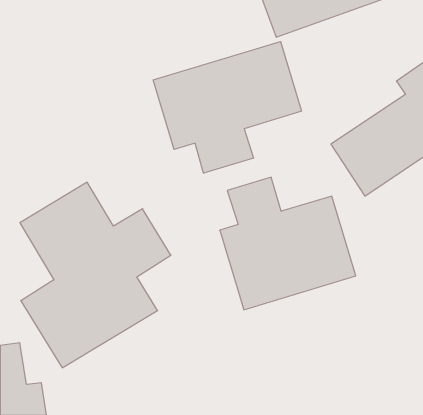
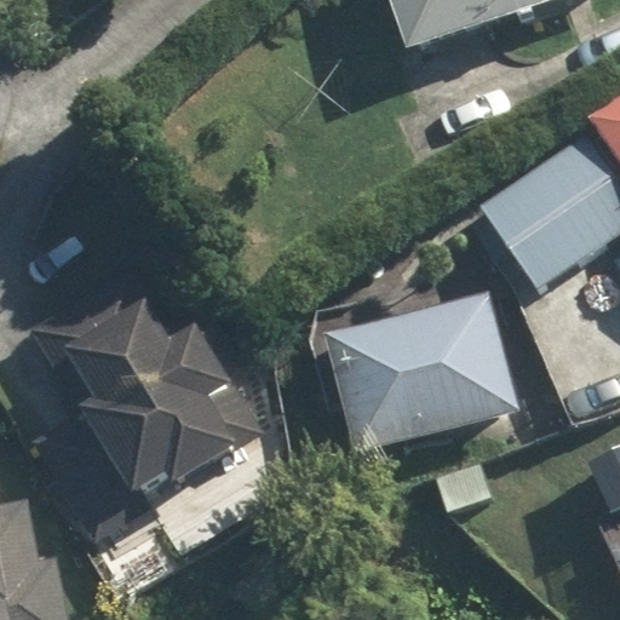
building: [153,42,302,173] -> none

